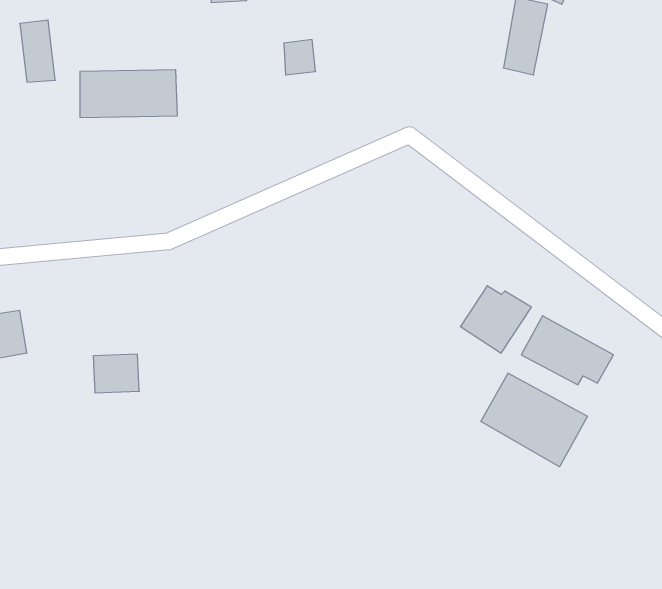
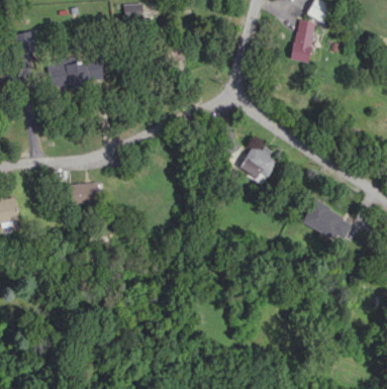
building: [460,286,531,353] -> [238,145,279,184]
building: [93,354,139,393] -> [70,183,96,205]
building: [481,373,587,467] -> none

